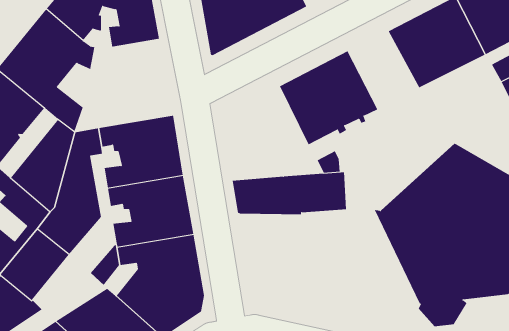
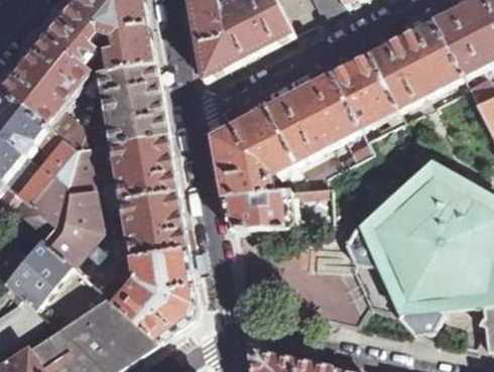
building: none -> [332,55,398,137]
building: none -> [76,63,168,150]
building: none -> [214,107,294,196]

